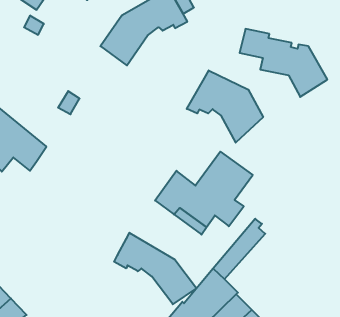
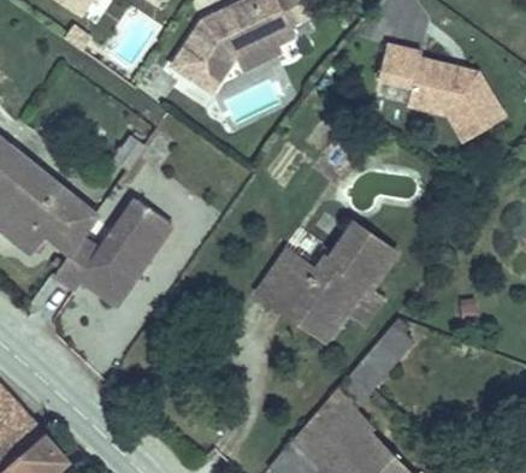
building: [187,70,263,143] -> none
building: none -> [57,201,173,305]
building: [114,233,197,304] -> none

